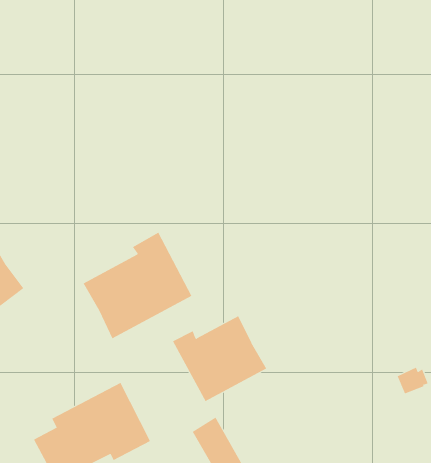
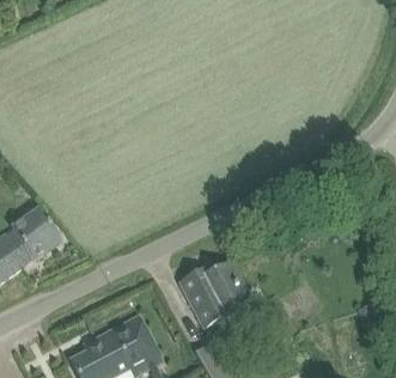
building: [83,232,192,339] -> none

